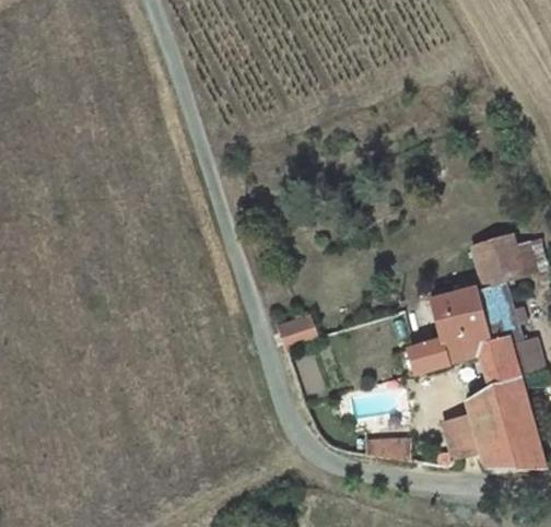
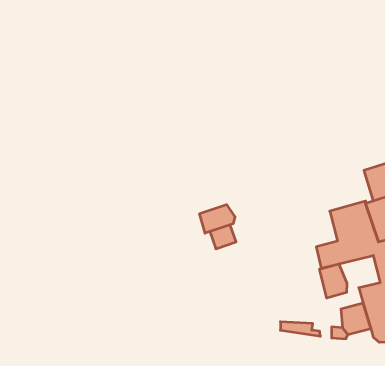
building: none -> [200,205,235,233]
building: none -> [320,264,347,298]

